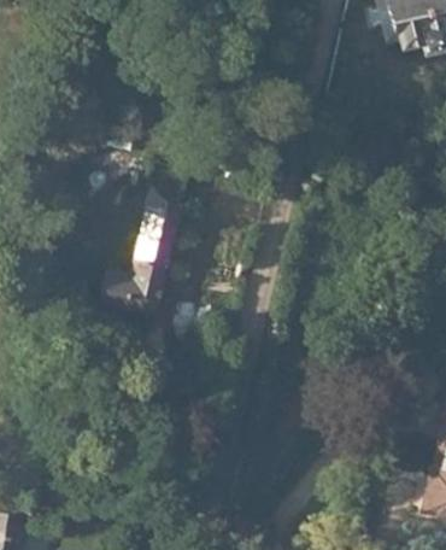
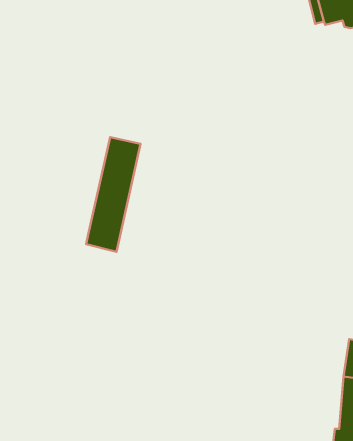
building: [105,263,166,308] -> none

